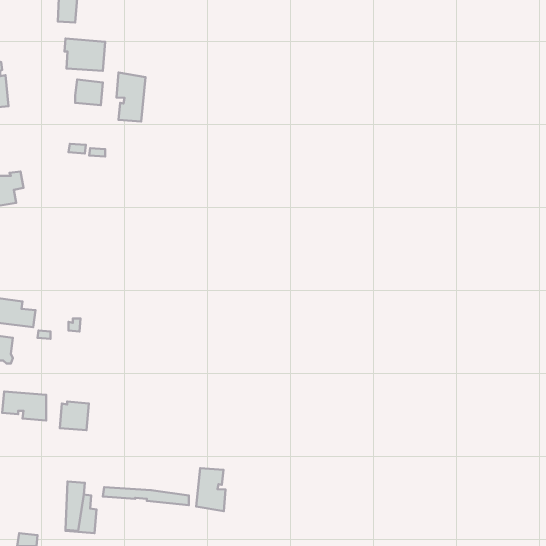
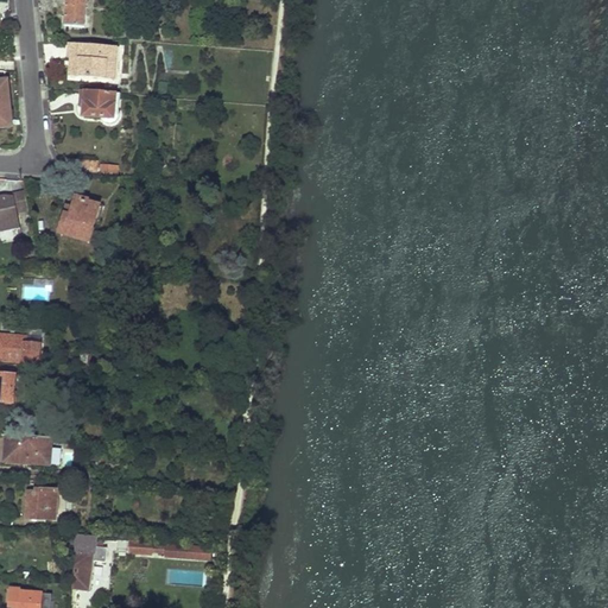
building: [117,73,145,122] -> none
building: none -> [59,197,97,240]
building: [60,401,89,430] -> [26,487,58,519]
building: [196,468,226,511] -> none

